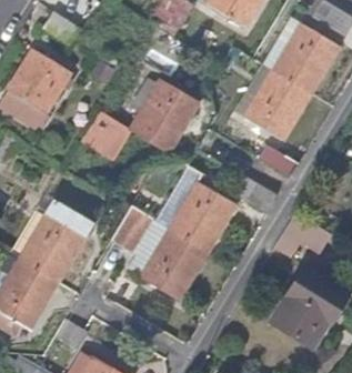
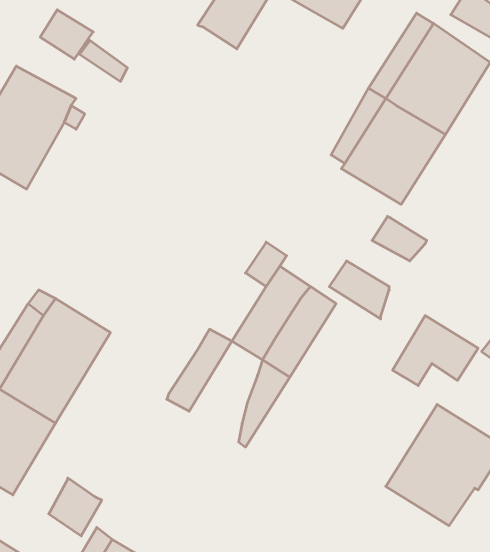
building: [132,79,198,151] -> none
building: [81,110,130,160] -> none
building: [112,208,154,254] -> none
building: [144,229,192,294] -> none

